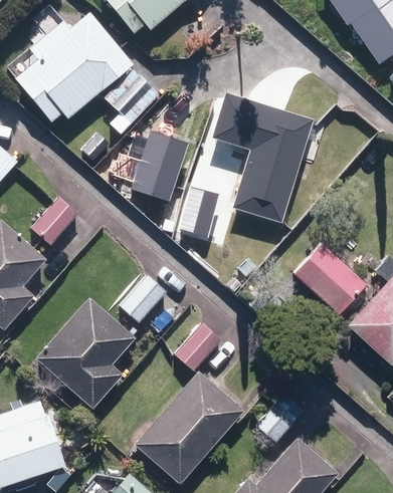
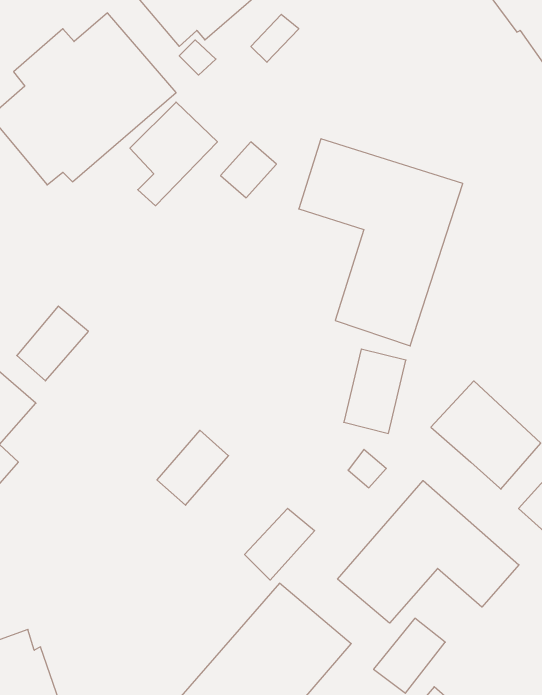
building: [128,132,187,202] -> none
building: [180,187,219,240] -> [344,349,406,433]
building: [37,299,134,409] -> none
building: none -> [338,481,519,623]

